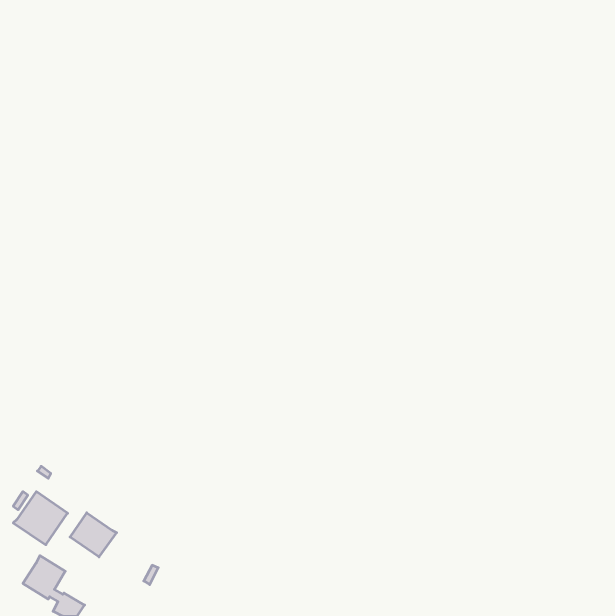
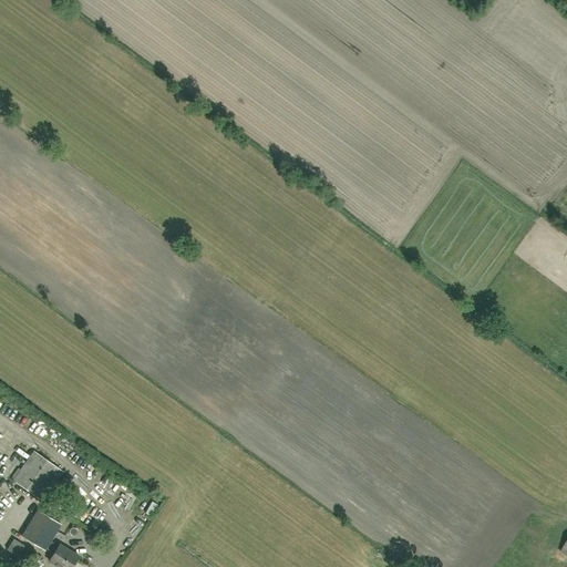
building: [70,513,117,557] -> none

